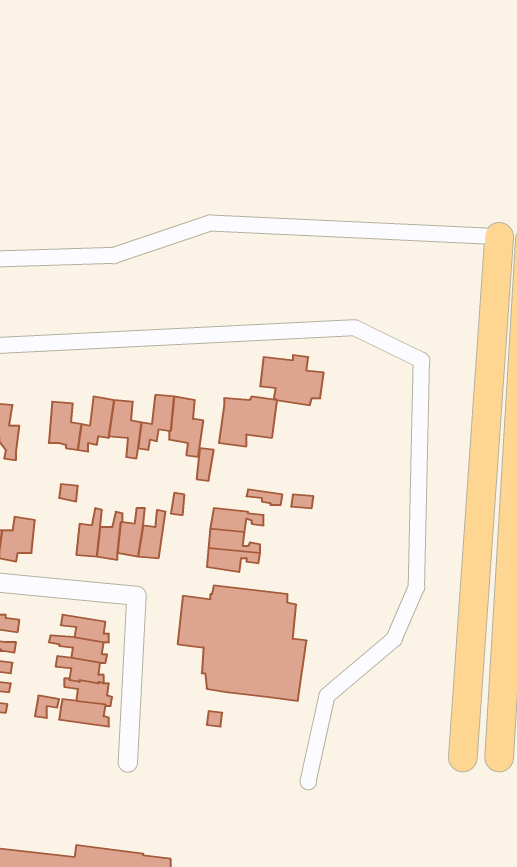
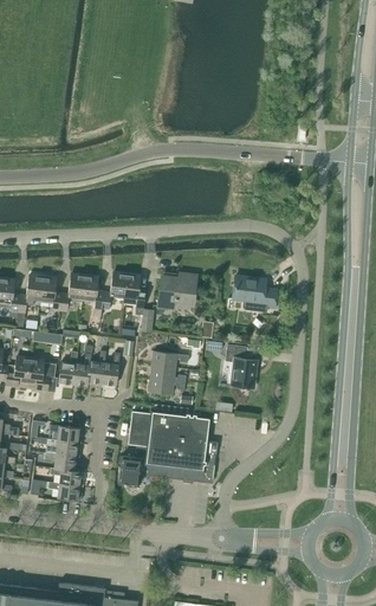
building: [260,355,324,405] -> [233,278,277,312]
building: none -> [18,275,43,312]
building: none -> [226,344,258,387]
building: none -> [28,359,57,392]
building: none -> [118,445,147,485]

